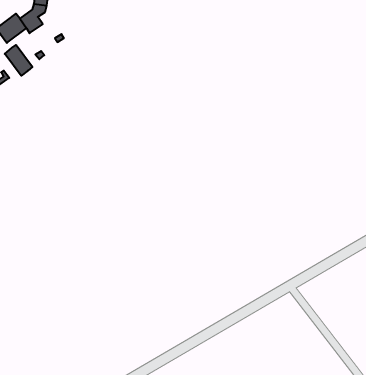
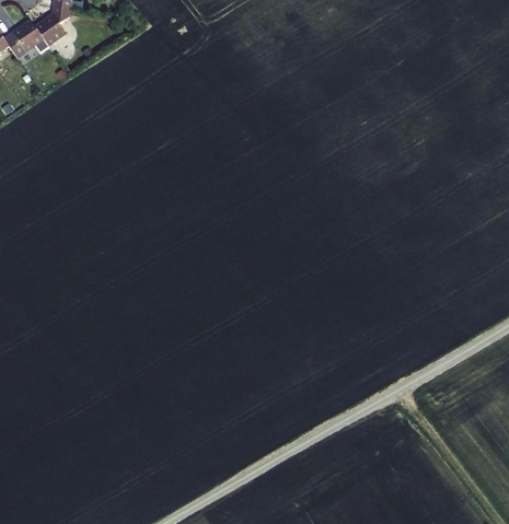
building: [5,45,32,76] -> none

